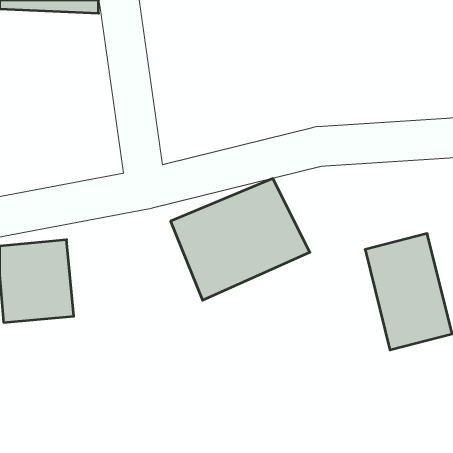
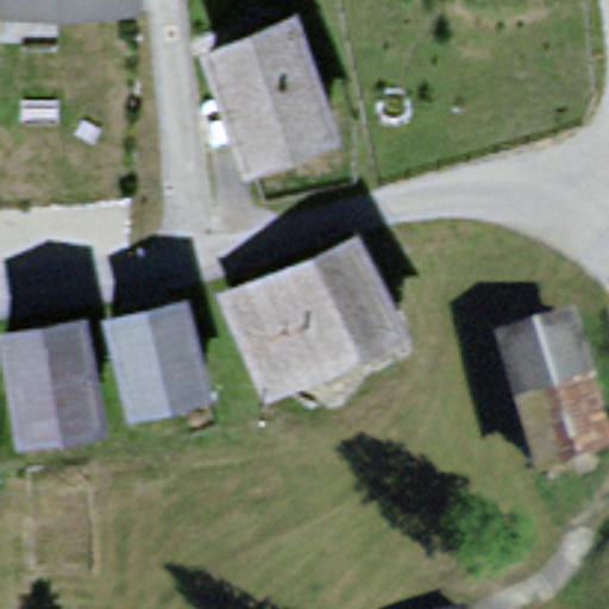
building: none -> [209,25,338,172]
building: none -> [102,299,213,417]

